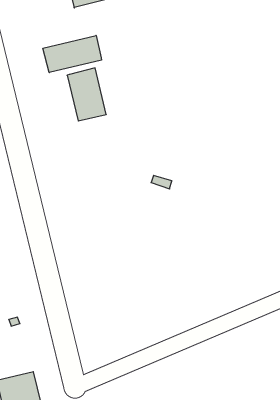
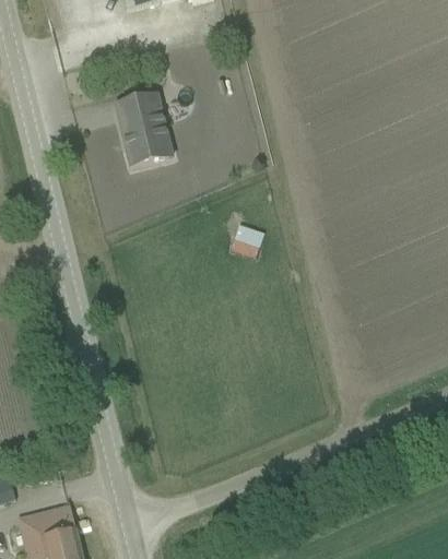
building: [43,35,101,73] -> none

